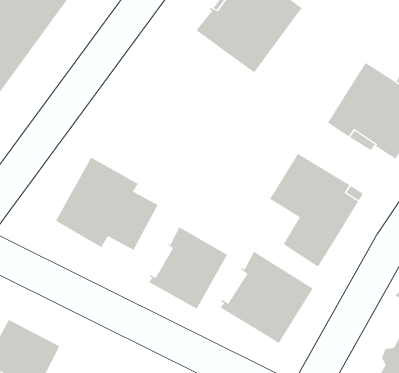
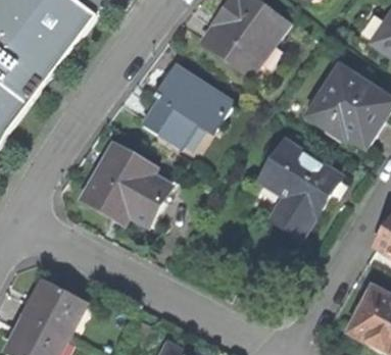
building: none -> [141,66,231,147]
building: [148,227,228,309] -> none
building: [220,251,313,344] -> none

